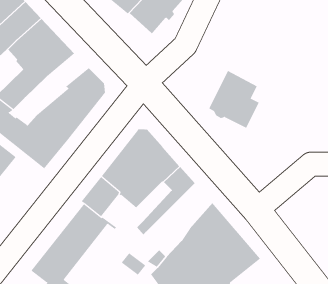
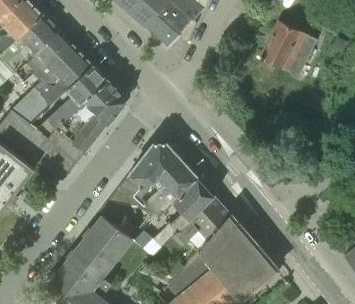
building: none -> [46,65,107,126]
building: [208,70,260,129] -> [260,19,311,77]
building: none -> [164,194,230,252]

